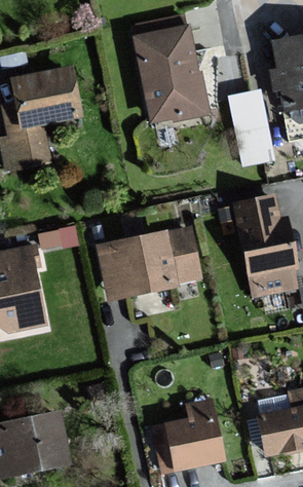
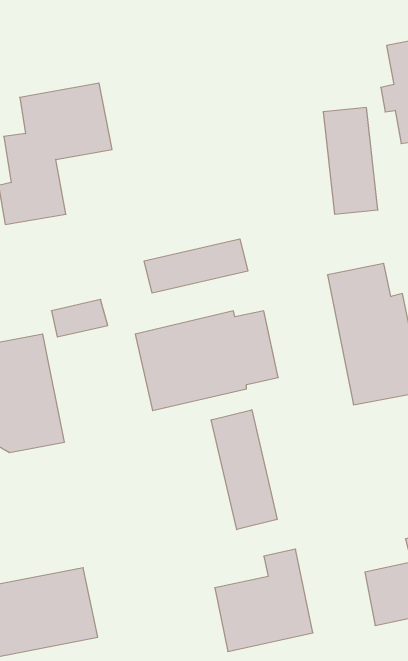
building: [136,16,209,121] -> none
building: none -> [144,239,248,293]
building: none -> [211,410,277,530]

